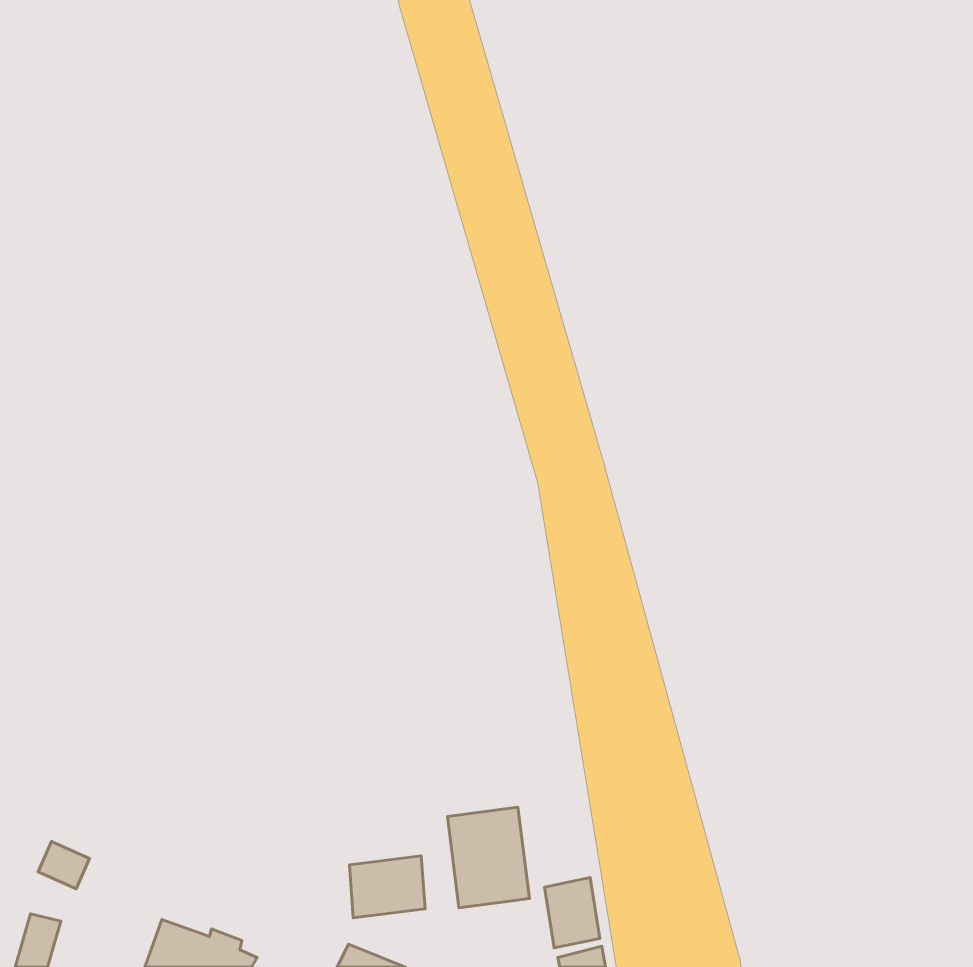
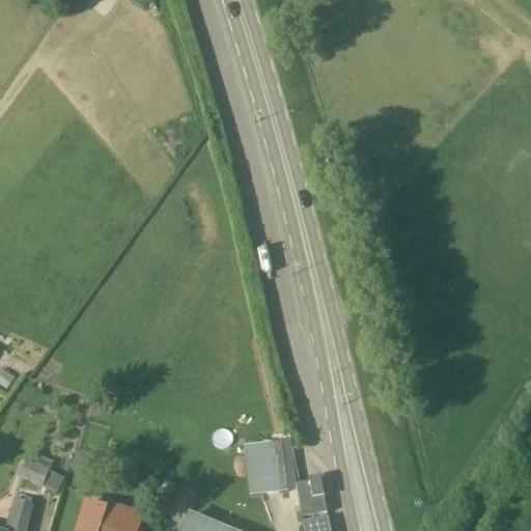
building: [349,856,425,918] -> none

